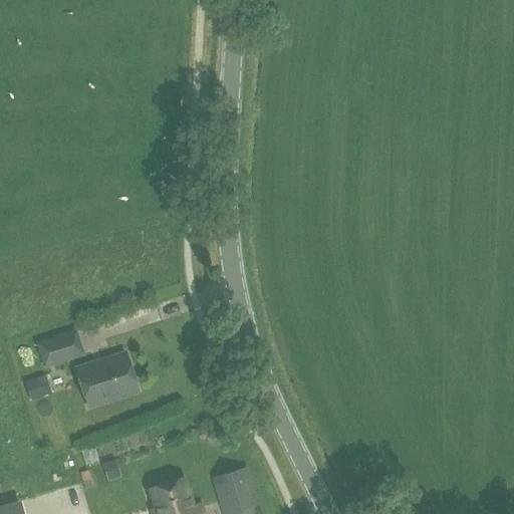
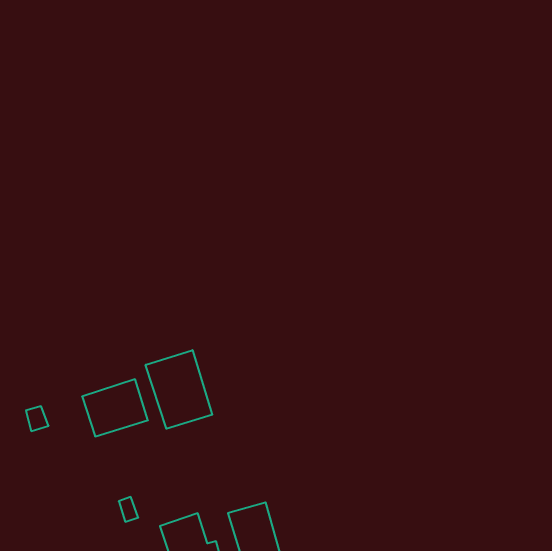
building: none -> [146,350,212,429]
building: [37,332,82,366] -> none

